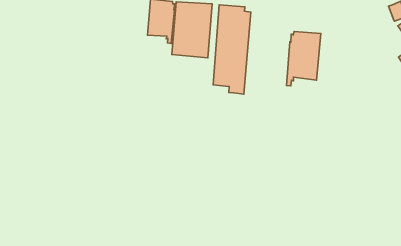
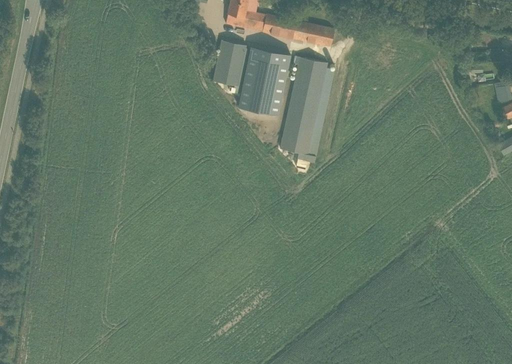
building: [287,32,321,86] -> none

